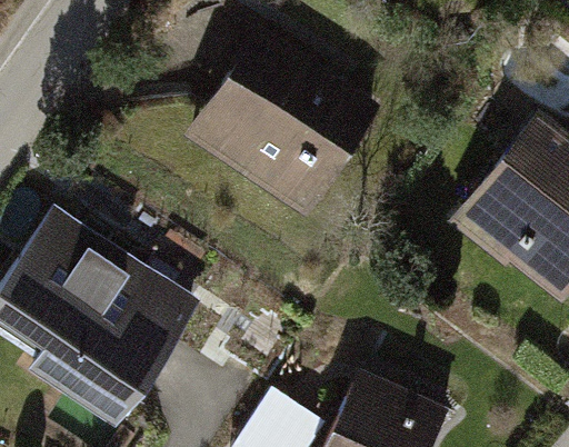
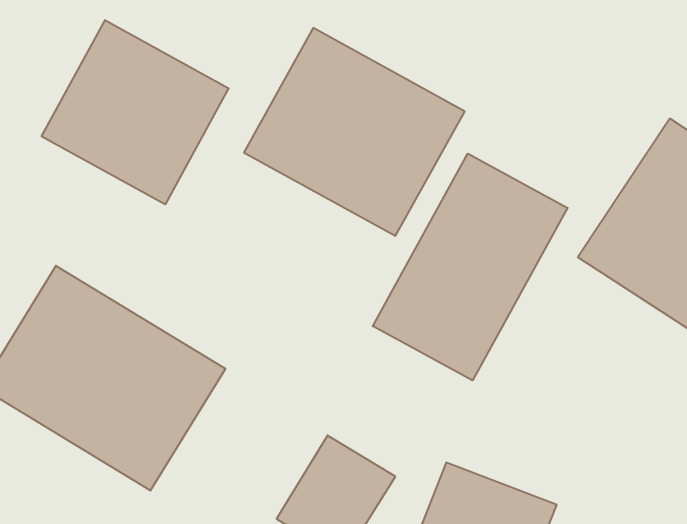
building: none -> [42,20,229,204]
building: none -> [373,154,568,380]

